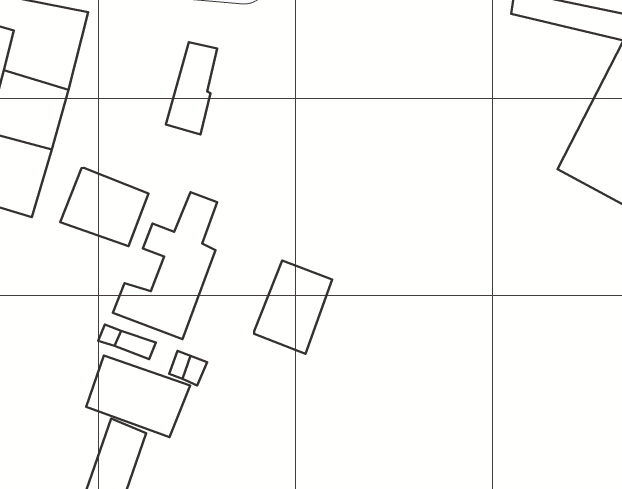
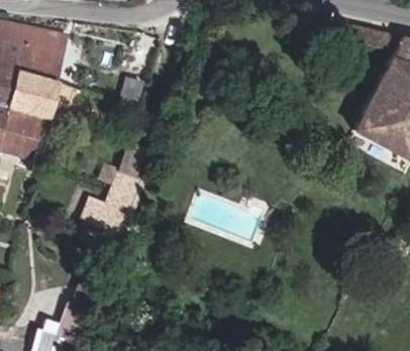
building: [60,168,148,246] -> none
building: [254,261,332,354] -> none
building: [86,355,190,437] -> none

